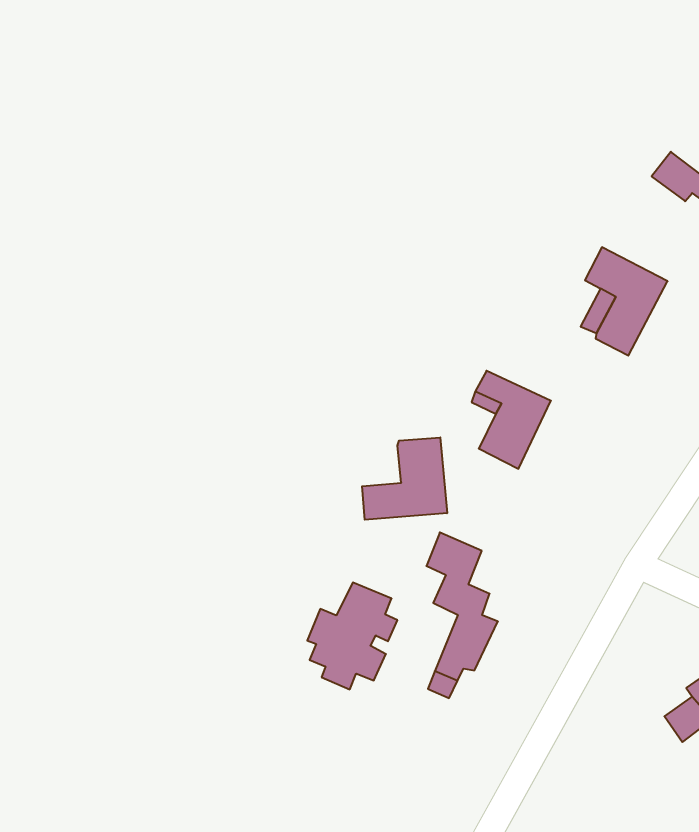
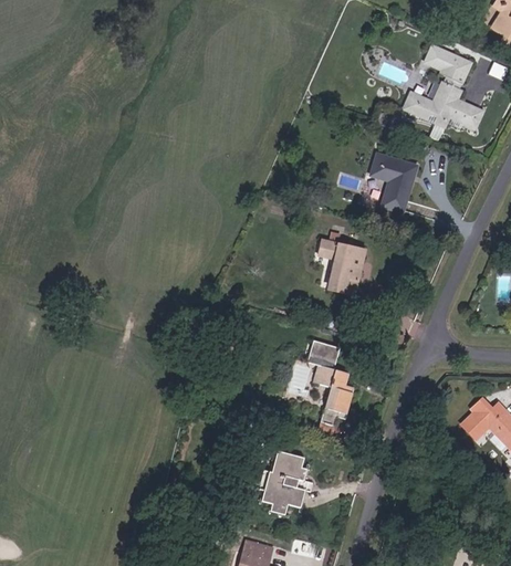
building: [362,437,447,520] -> none
building: [307,582,397,689] -> [257,449,307,512]

